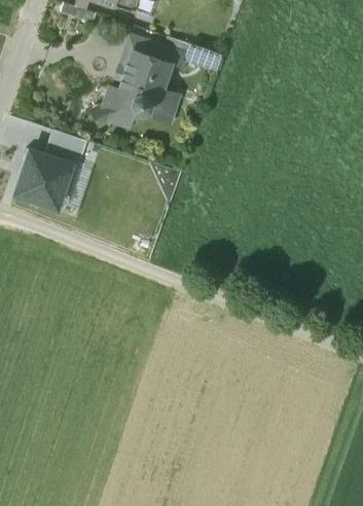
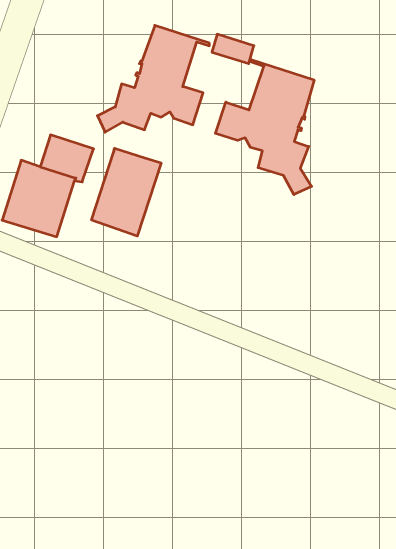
building: none -> [215,59,314,195]
building: none -> [92,148,161,236]

